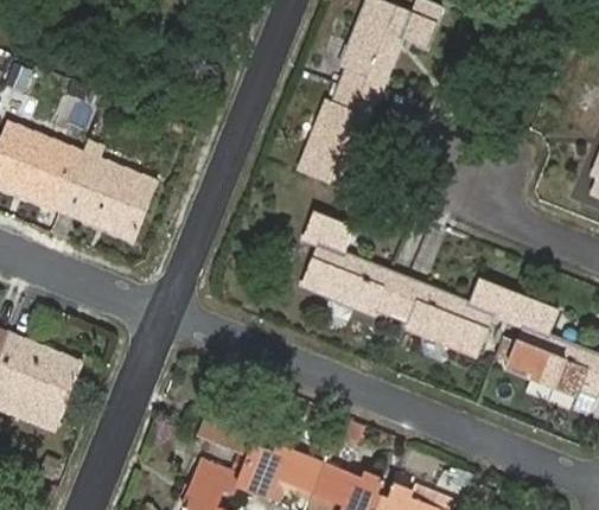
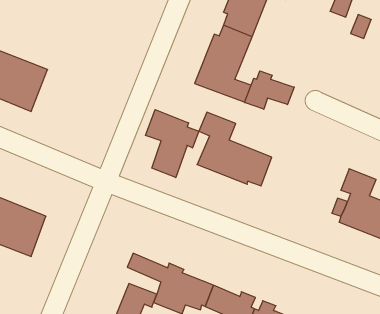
building: [59,138,158,240] -> none
building: none -> [245,71,294,109]
building: none -> [146,110,199,178]
building: [391,276,518,358] -> none

